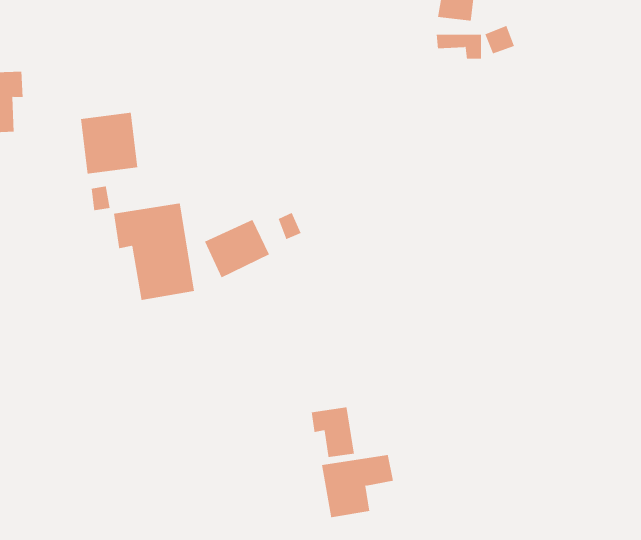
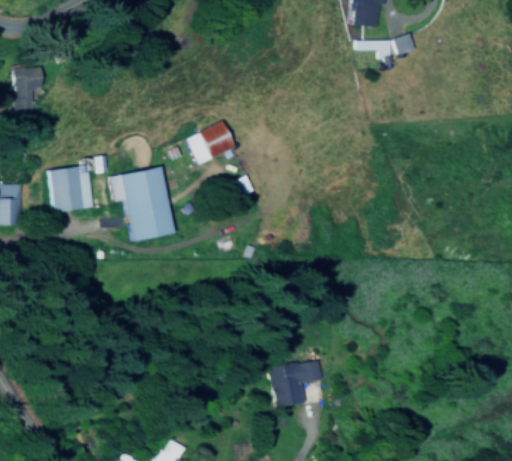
building: [80,112,138,174] -> [48,165,92,212]
building: [204,219,270,278] -> [184,120,234,165]
building: [311,406,355,458] -> none

